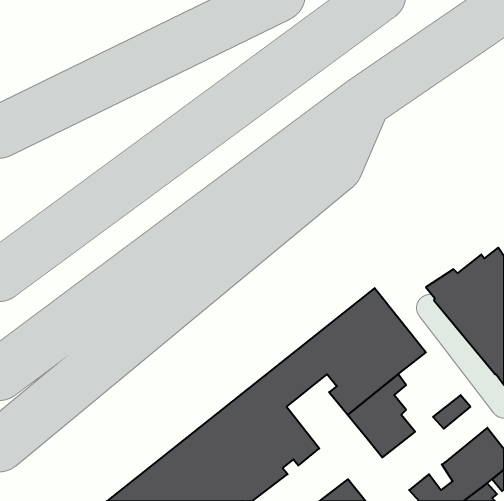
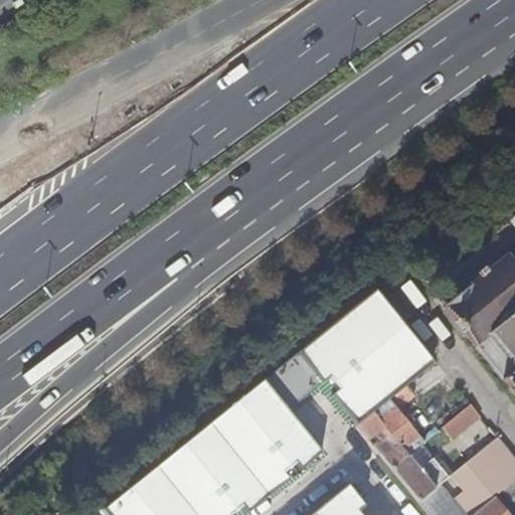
building: none -> [389,439,453,498]

